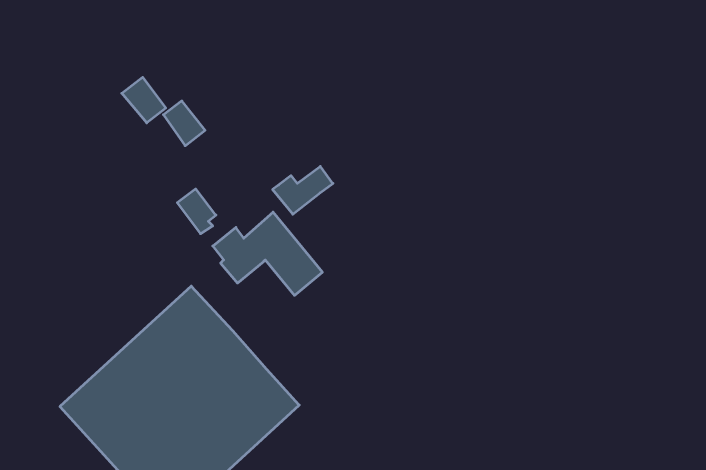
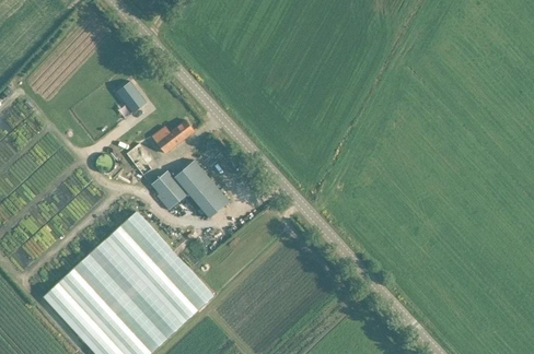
building: [122,77,166,123] -> none
building: [273,166,333,214] -> [151,118,194,152]

